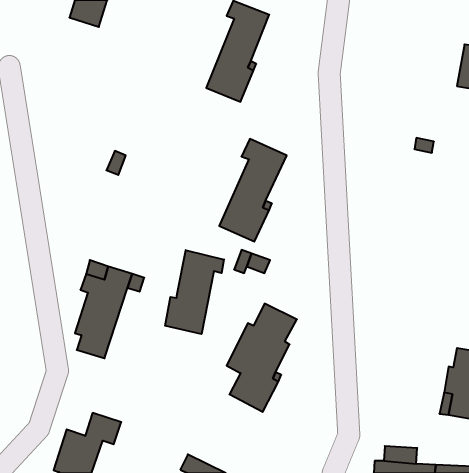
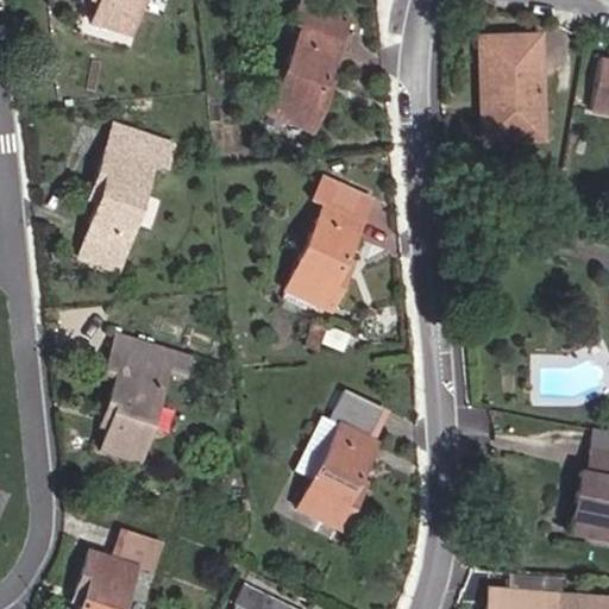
building: none -> [482,36,544,139]
building: none -> [82,125,176,270]
building: [165,250,224,334] -> none

